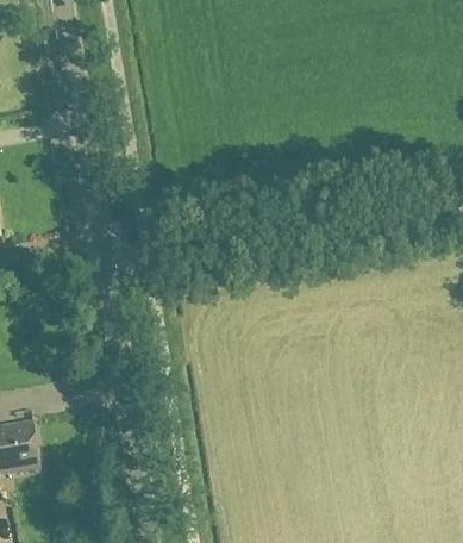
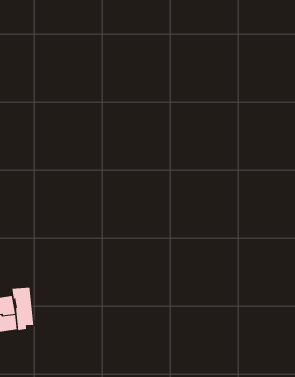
building: none -> [12,287,34,331]

